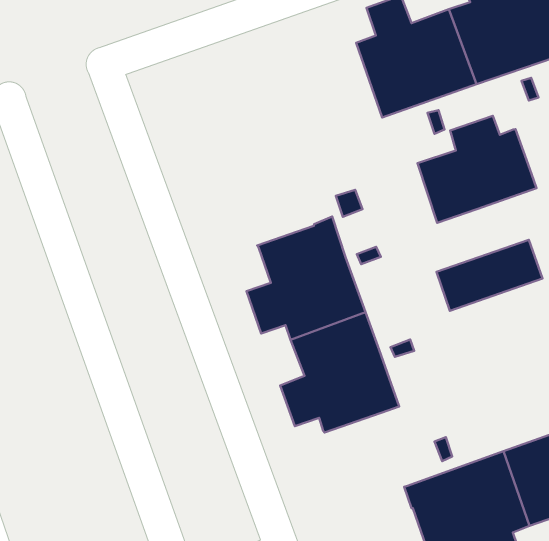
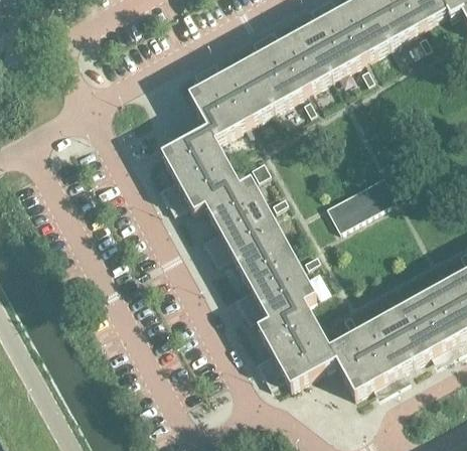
building: none -> [160,53,274,208]
building: [417,116,536,223] -> none
building: none -> [256,298,335,383]

